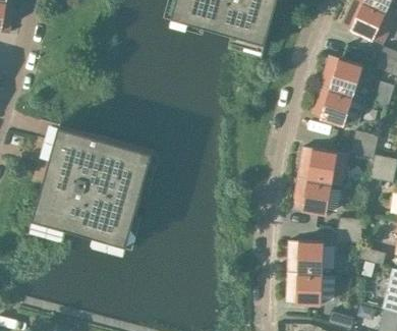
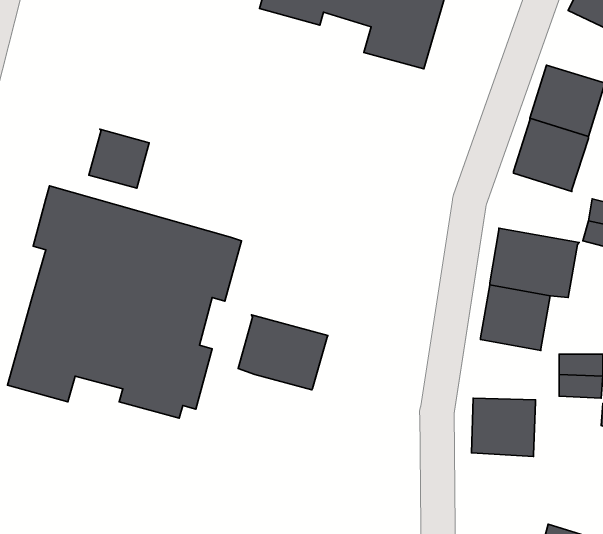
building: none -> [89,129,149,188]
building: none -> [238,315,328,390]
building: [286,271,322,305] -> none

